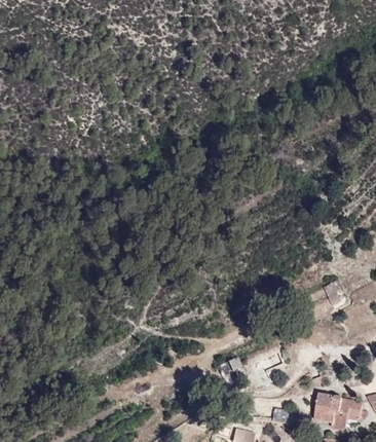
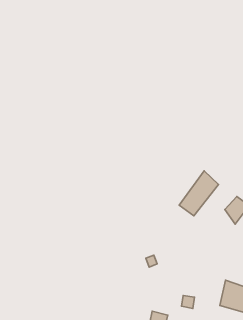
building: none -> [179,171,218,216]

